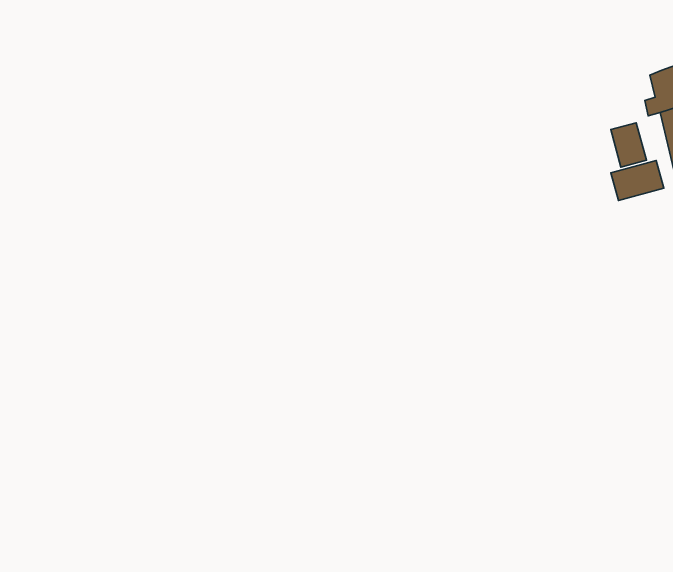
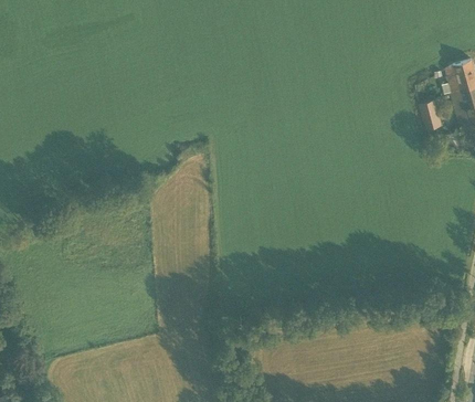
building: [611,161,664,201] -> none

